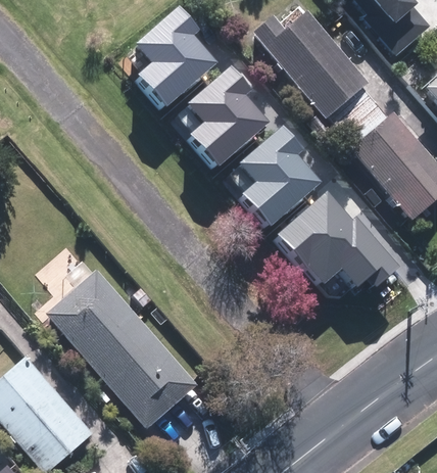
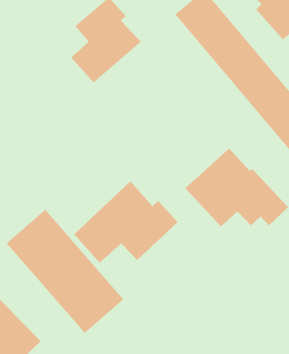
building: [180,66,268,175] -> none
building: [232,127,320,234] -> none
building: none -> [73,180,179,263]

